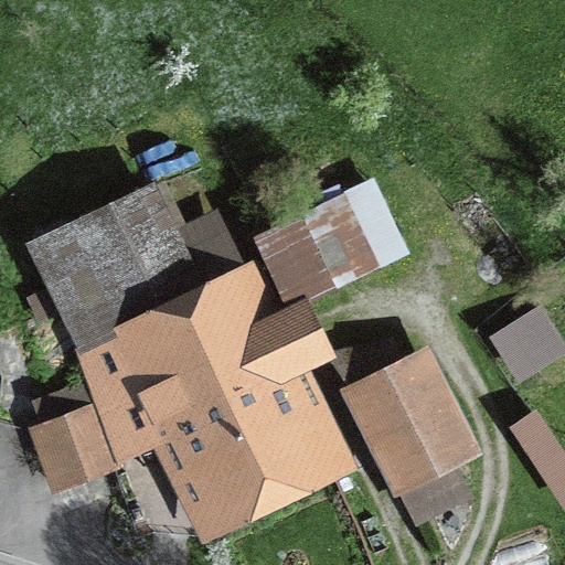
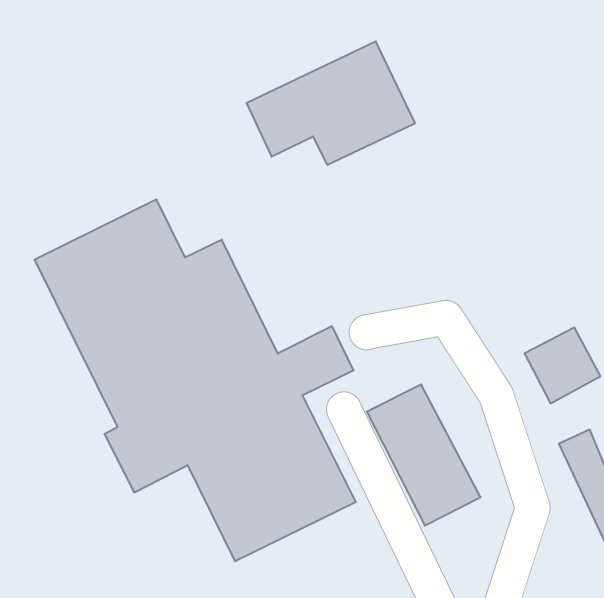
building: [259,175,416,290] -> [247,41,415,165]
building: [22,395,111,493] -> none

